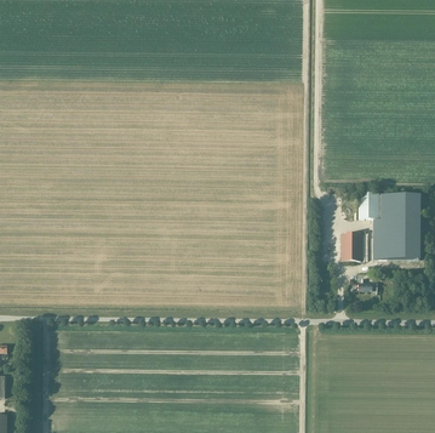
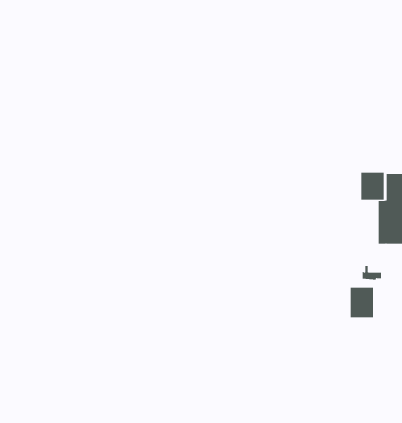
building: [342,233,364,261] -> [350,287,374,318]

